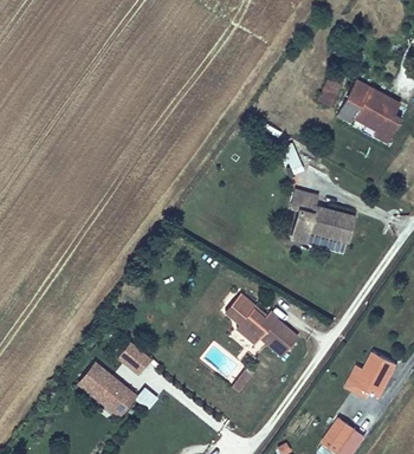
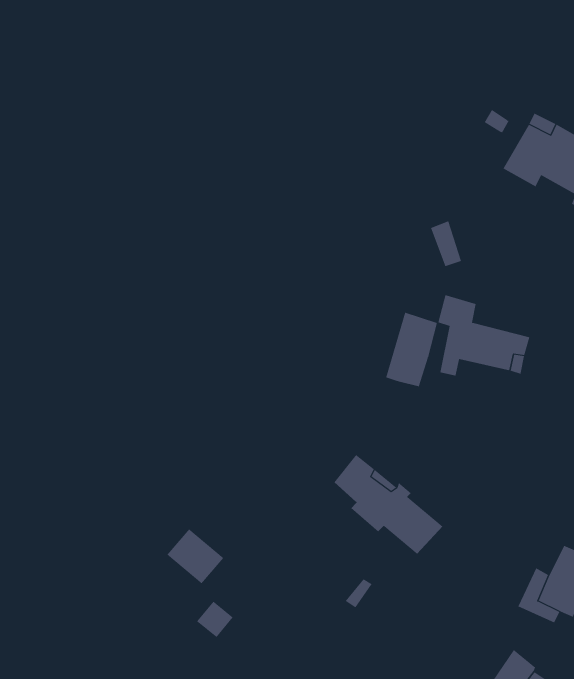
building: none -> [385,312,438,387]
building: [79,361,140,416] -> none

